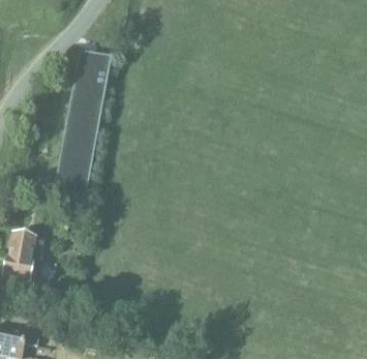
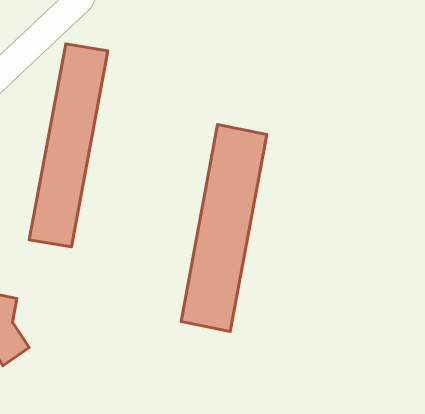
building: none -> [181,125,267,331]

